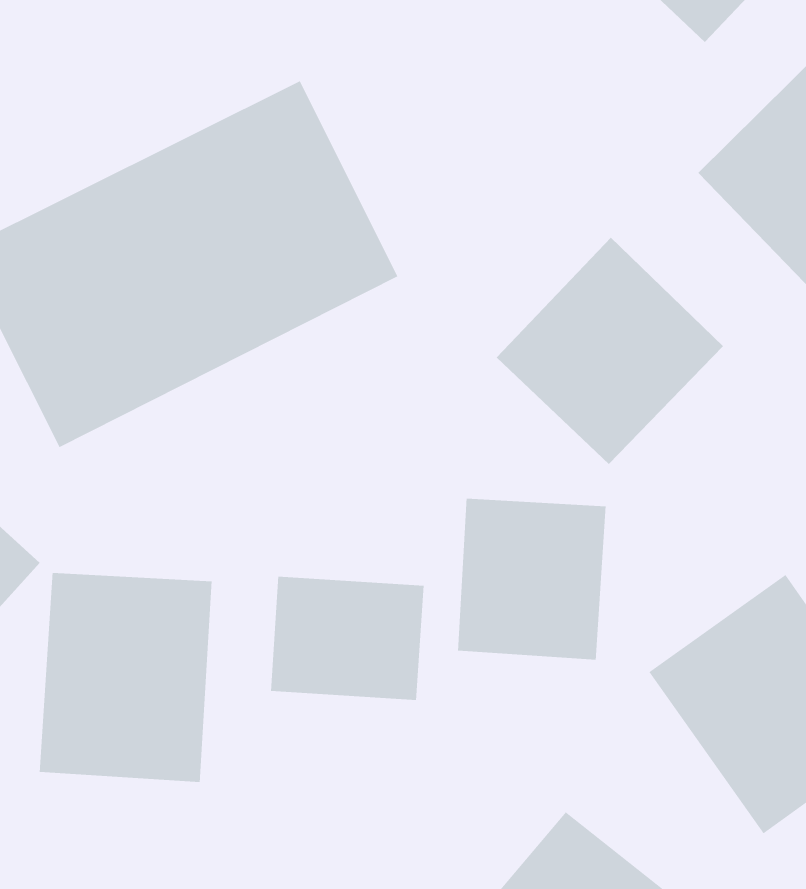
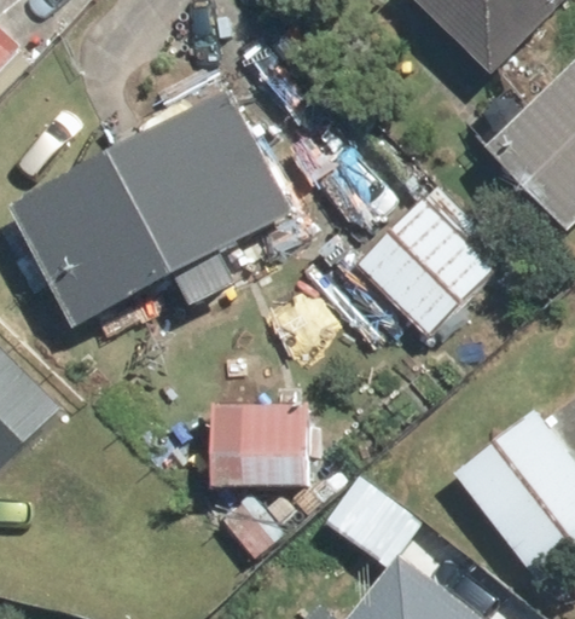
building: [458,498,606,660] -> none
building: [39,572,212,783] -> none

